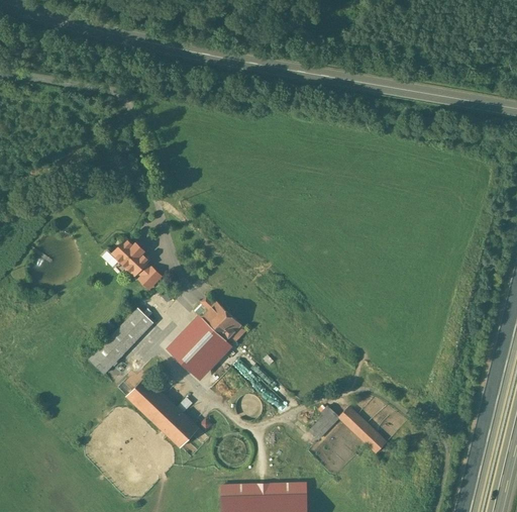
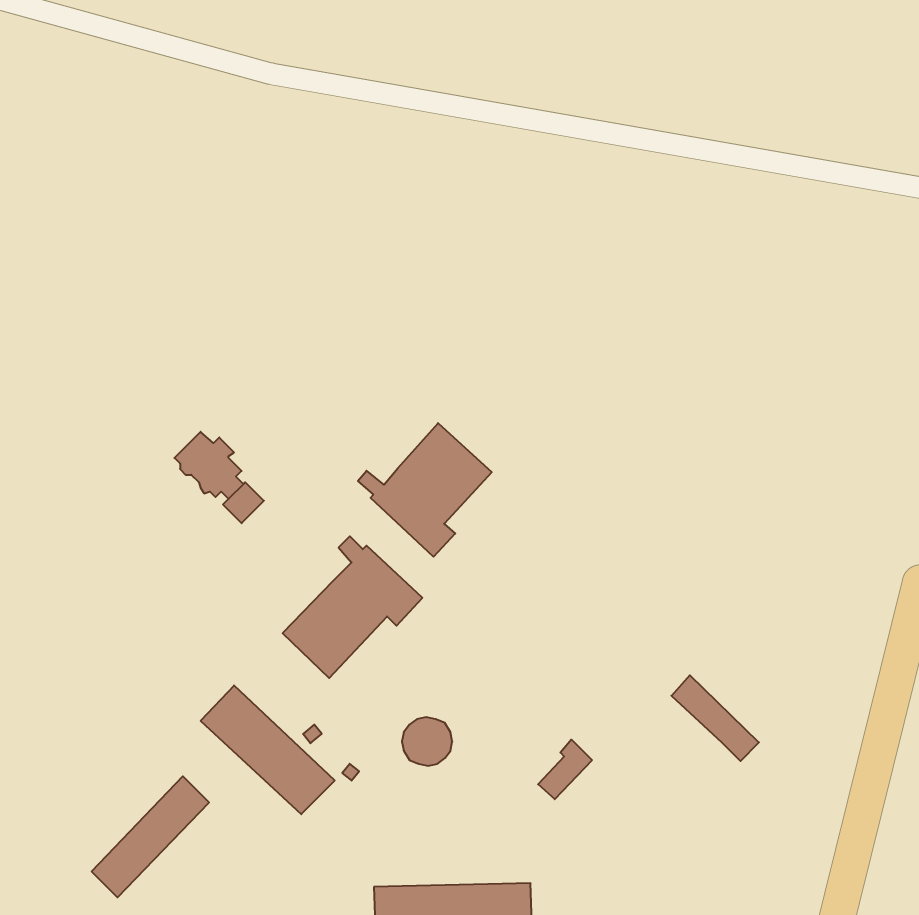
building: none -> [358,423,492,557]
building: [89,309,152,375] -> [92,776,209,897]
building: [338,407,386,453] -> [671,675,759,761]

